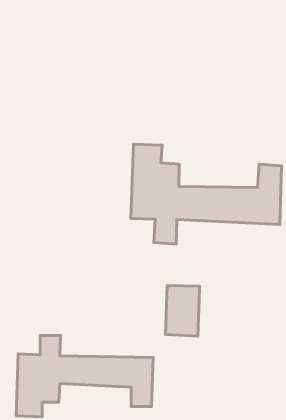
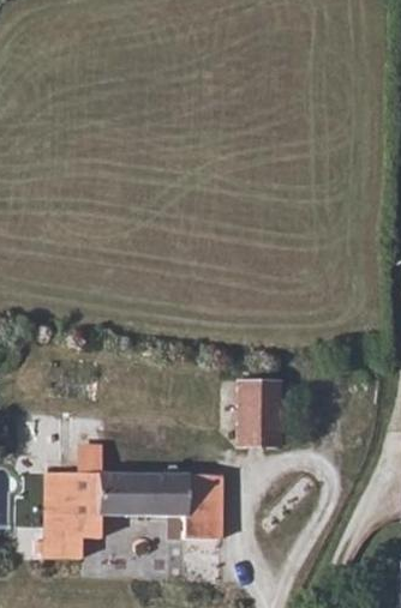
building: [131,144,282,244] -> none

